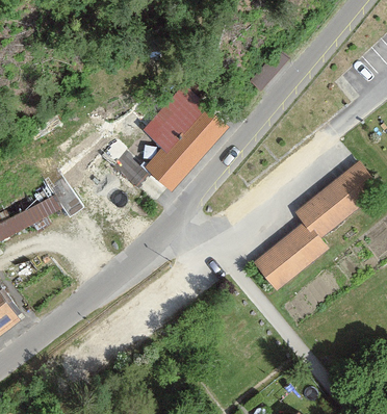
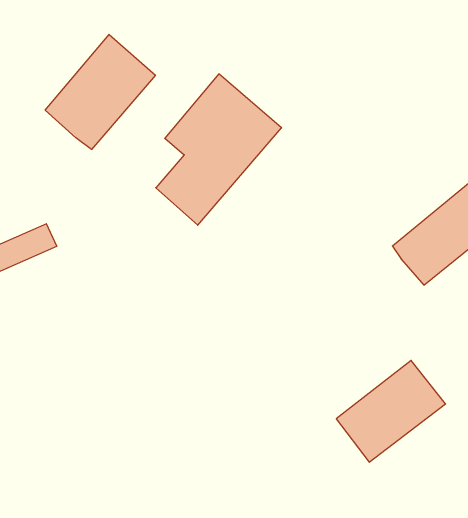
building: none -> [45,34,155,149]
building: [256,218,332,289] -> [336,360,446,462]

